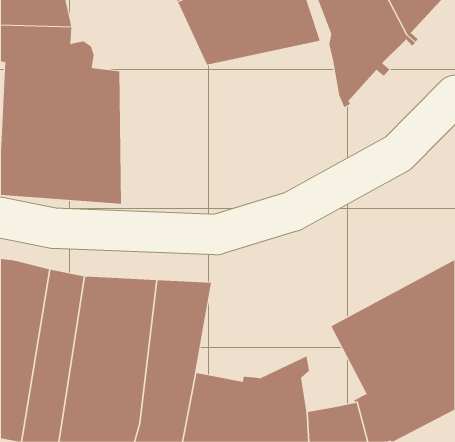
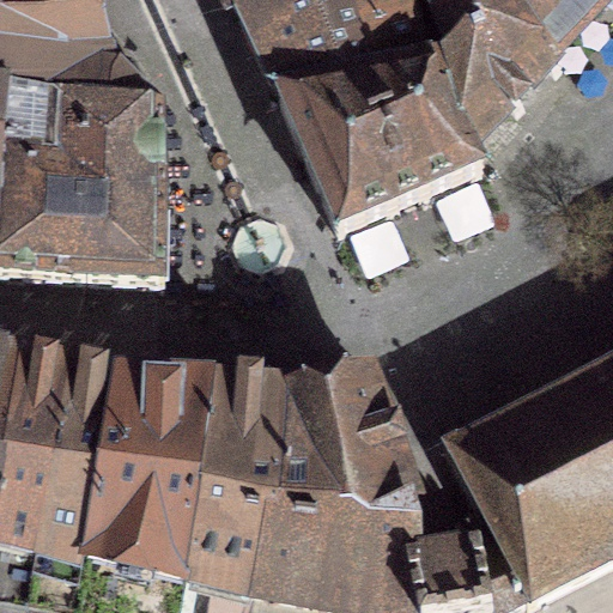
building: none -> [278,55,481,224]
building: none -> [263,356,413,512]

